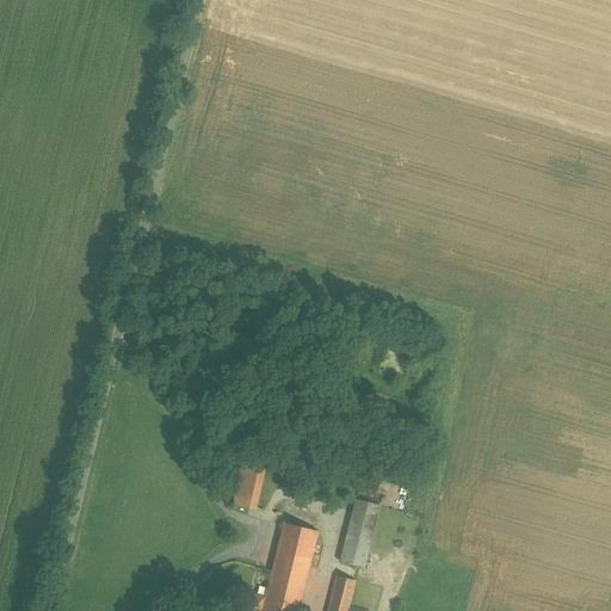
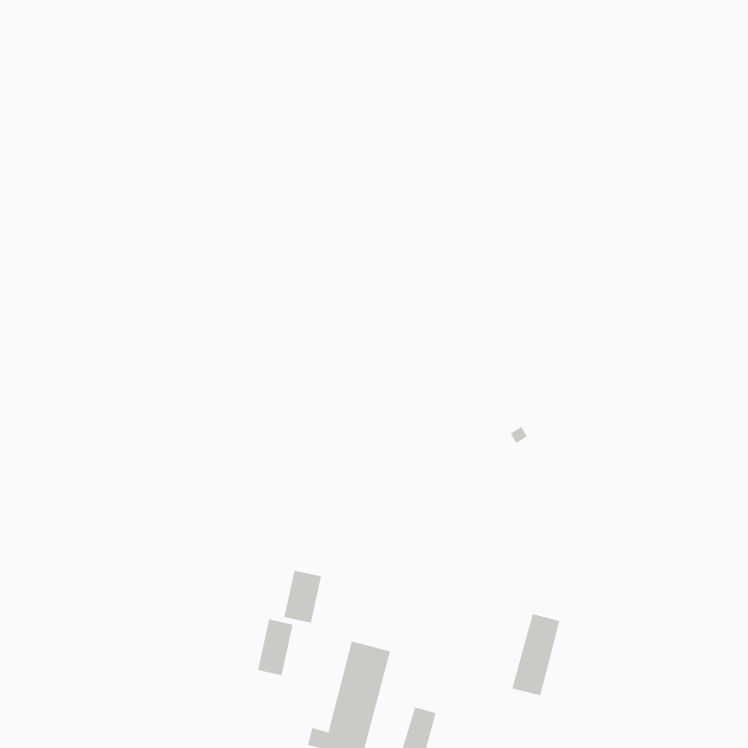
building: [339,500,378,567] -> [512,613,560,696]
building: none -> [258,619,293,676]

